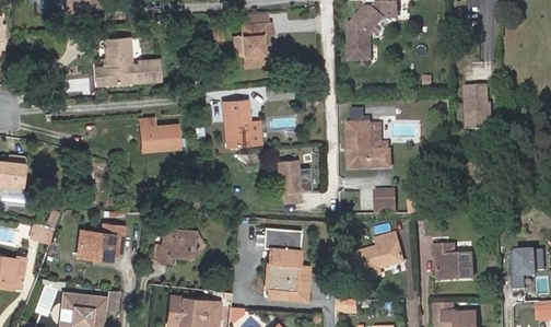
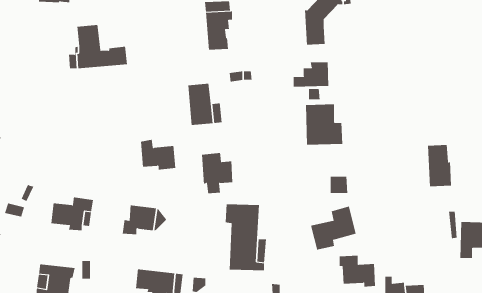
building: none -> [293,62,329,88]
building: [464,83,490,128] -> [427,144,452,187]
building: [140,118,178,151] -> [140,139,176,170]
building: [276,160,309,203] -> [201,152,233,194]
building: [433,245,472,279] -> [339,255,376,287]

